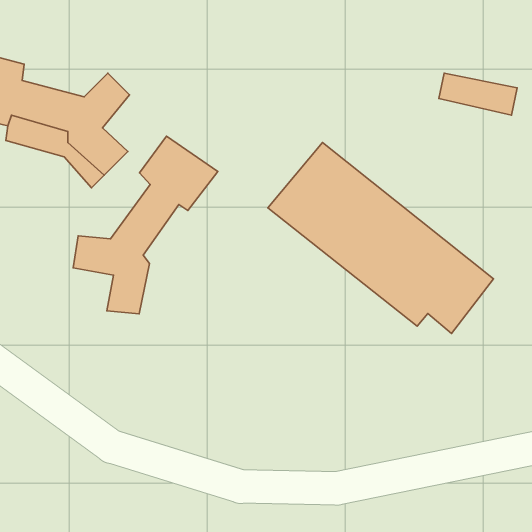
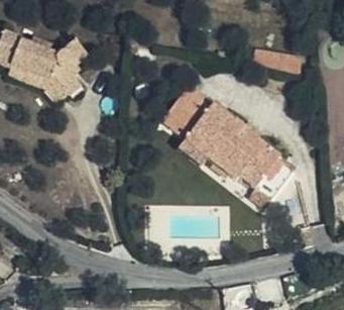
building: [73,136,218,314] -> none

